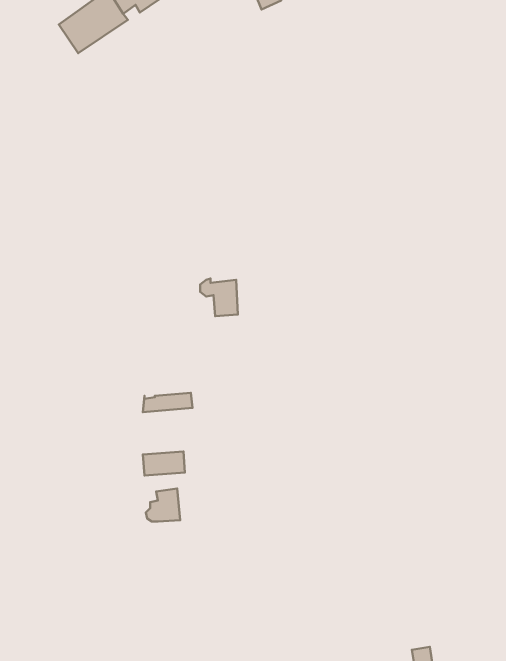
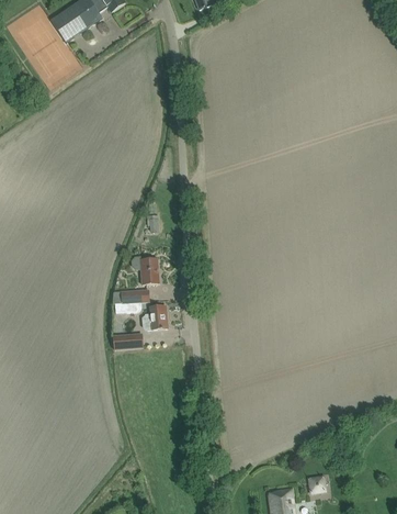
building: [200,278,238,316] -> [132,256,159,283]
building: [146,489,180,522] -> [143,304,168,328]

